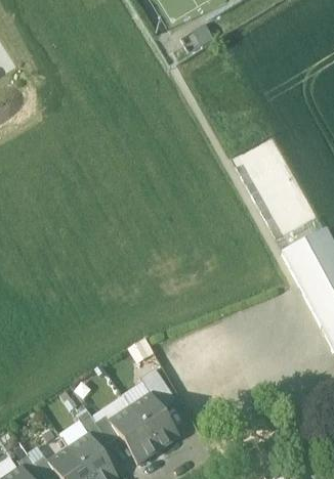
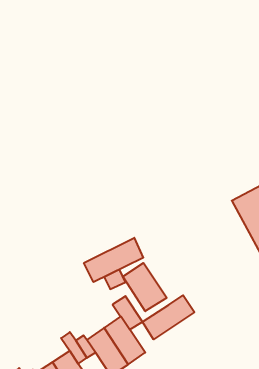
building: none -> [84,238,143,282]
building: none -> [123,263,167,311]
building: none -> [143,295,194,339]

